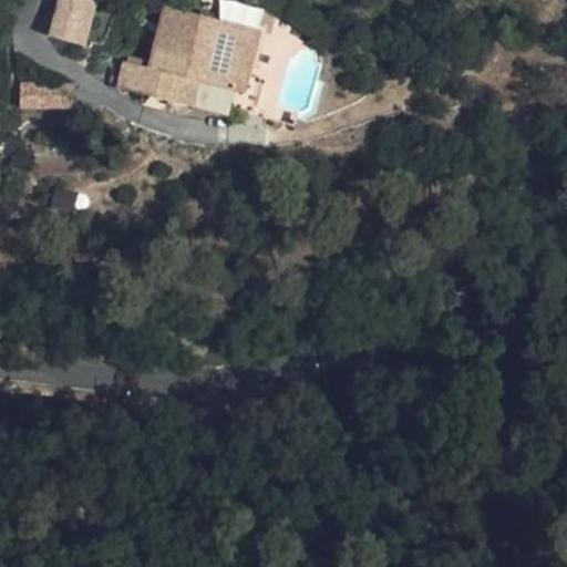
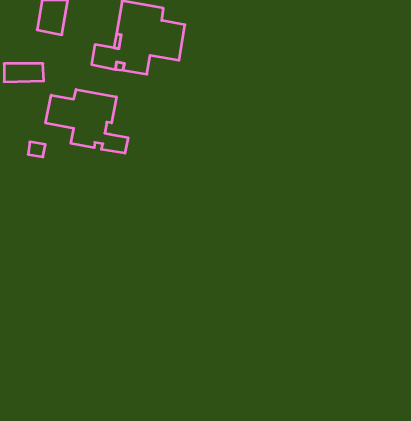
building: [197,12,265,107] -> none
building: none -> [46,89,128,153]

